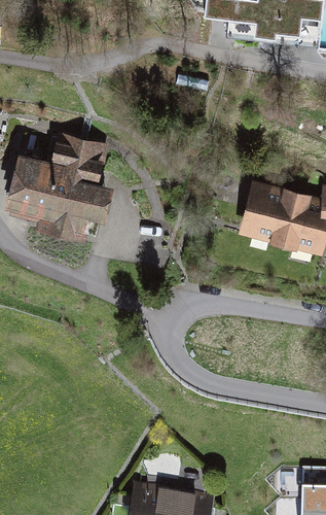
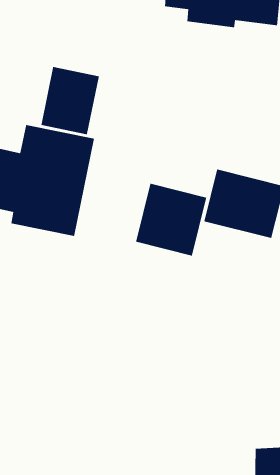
building: none -> [41,66,99,135]
building: none -> [135,183,207,257]

